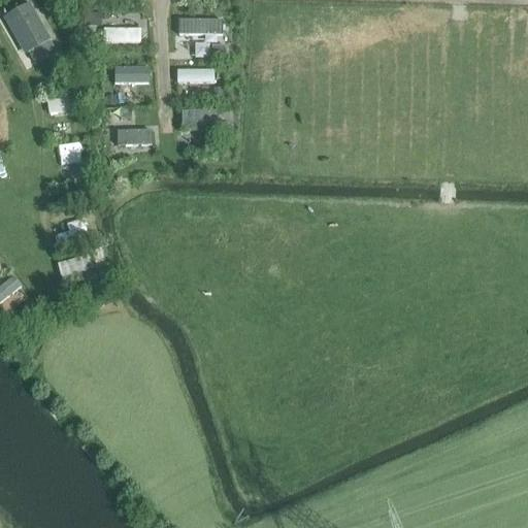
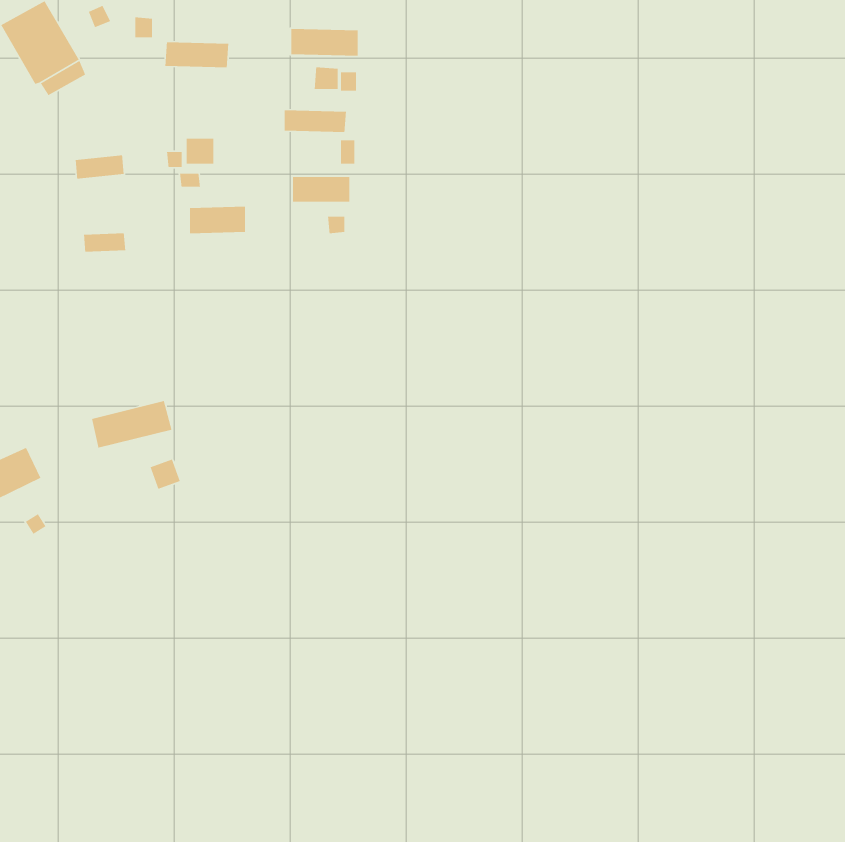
building: [113,65,150,84] -> none

